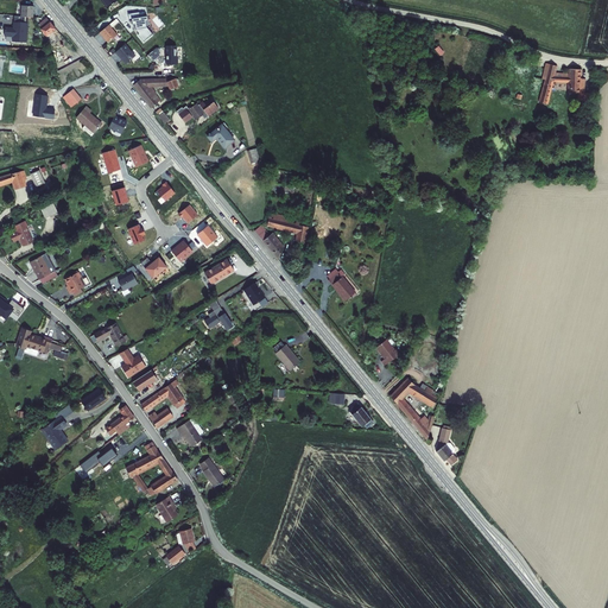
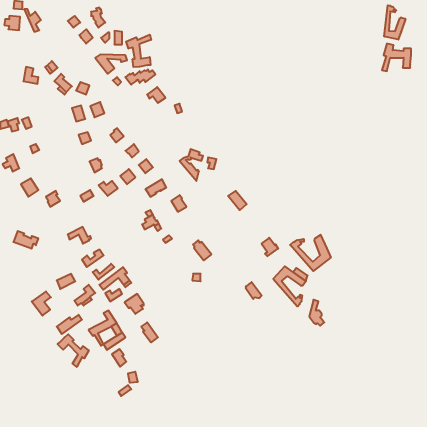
building: none -> [384,5,405,40]
building: none -> [126,35,151,67]
building: none -> [290,235,331,271]
building: none -> [58,334,89,367]

